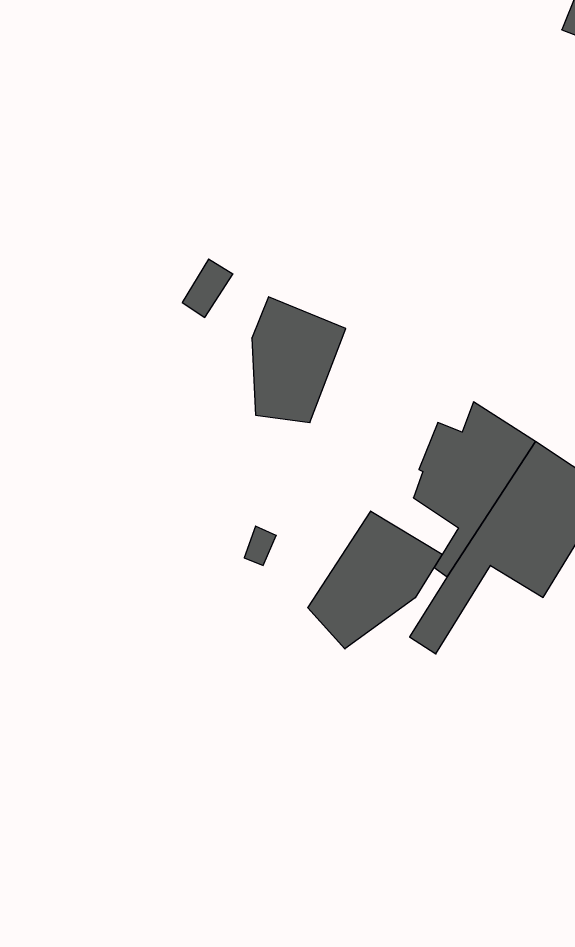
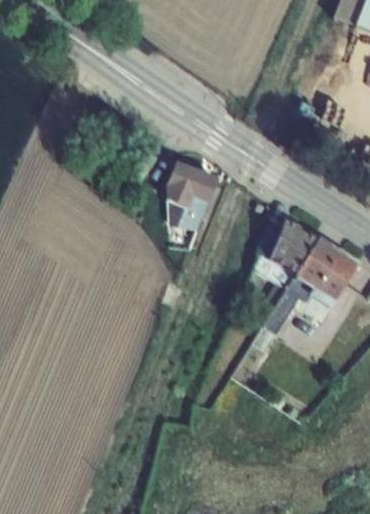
building: [308,511,442,649] -> none

